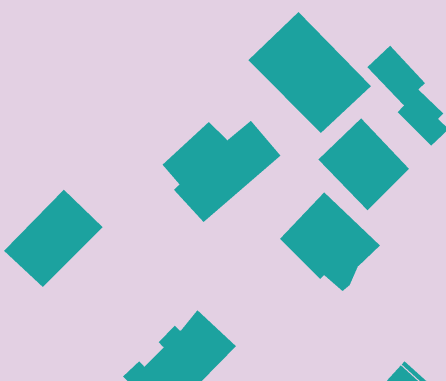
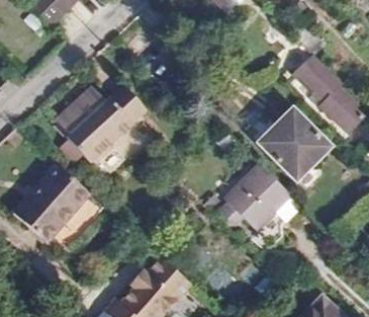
building: [248,11,372,134] -> none
building: [161,120,282,223] -> [54,83,146,162]

